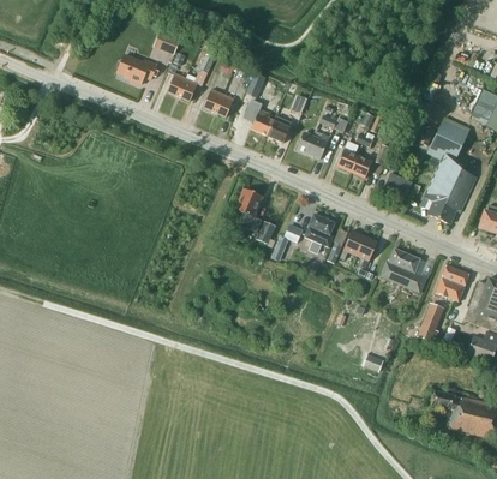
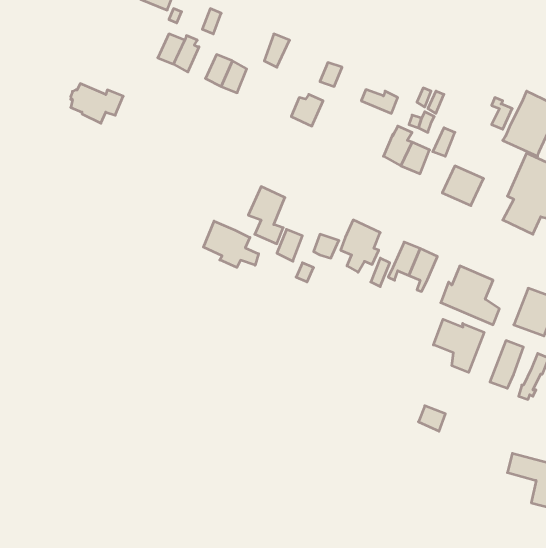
building: [118,54,157,84] -> [71,84,123,123]
building: [244,98,274,134] -> none
building: [297,130,330,158] -> none
building: none -> [203,221,259,267]
building: none -> [433,319,484,372]

